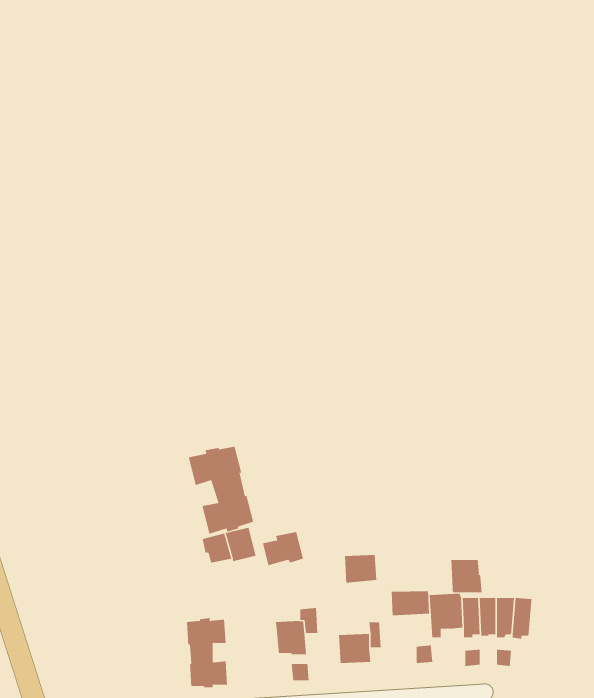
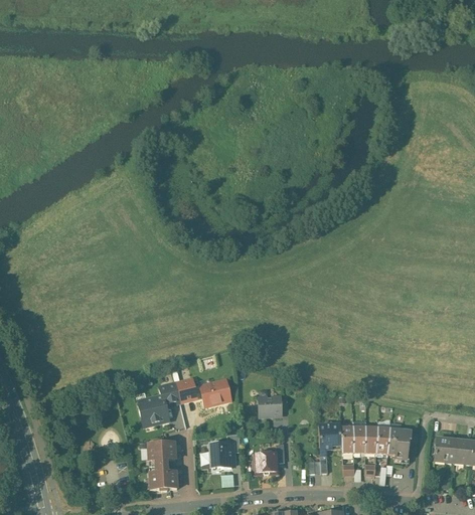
building: [188,446,254,534] -> none
building: none -> [138,394,169,424]
building: [451,559,482,593] -> none
building: [391,591,430,616] -> none
building: none -> [388,427,412,459]

